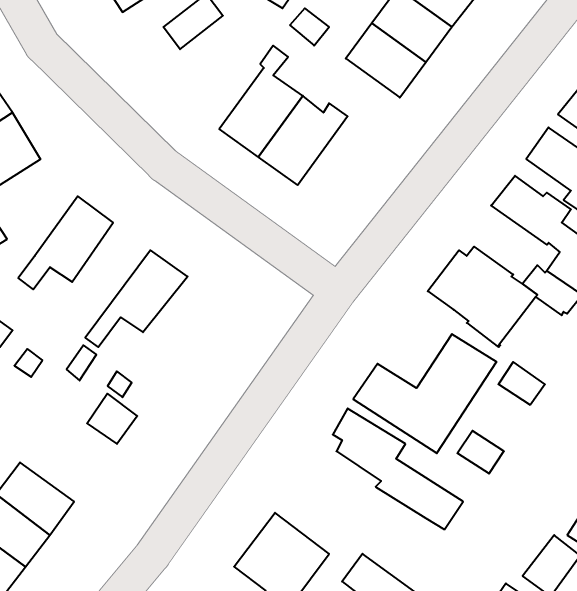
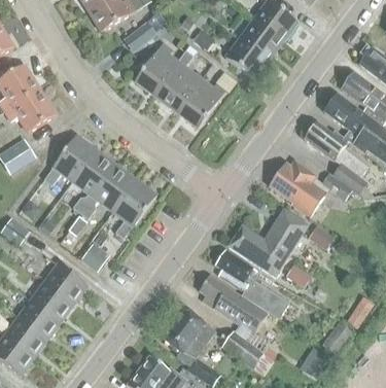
building: none -> [133,43,178,97]
building: none -> [71,148,115,212]
building: none -> [111,178,155,237]
building: none -> [43,262,86,303]
building: none -> [198,276,268,334]

